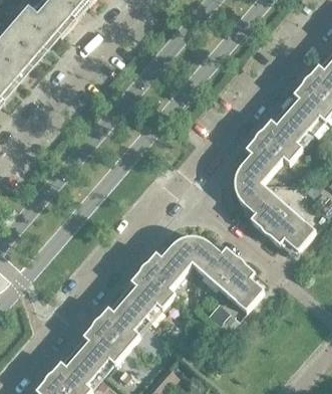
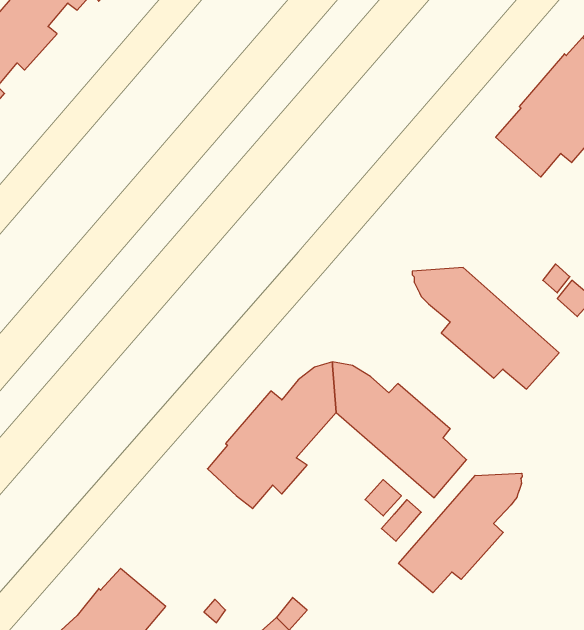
building: [234,111,305,185] -> none
building: [72,294,145,371] -> none
building: none -> [399,473,522,593]

